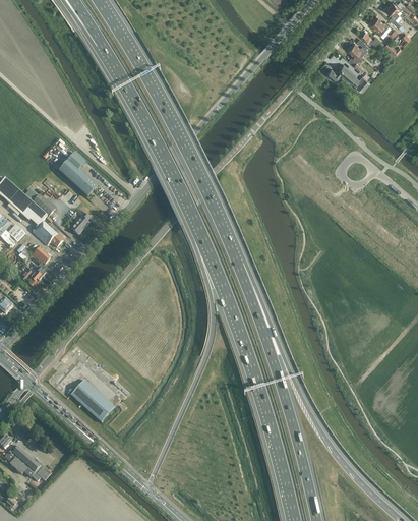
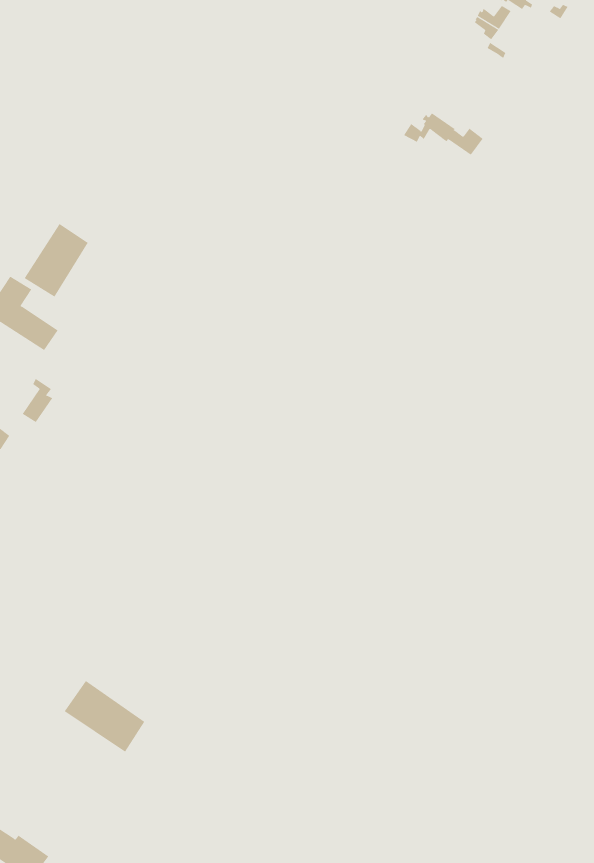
building: [325,63,369,90] -> [403,113,484,155]
building: none -> [24,223,88,297]

